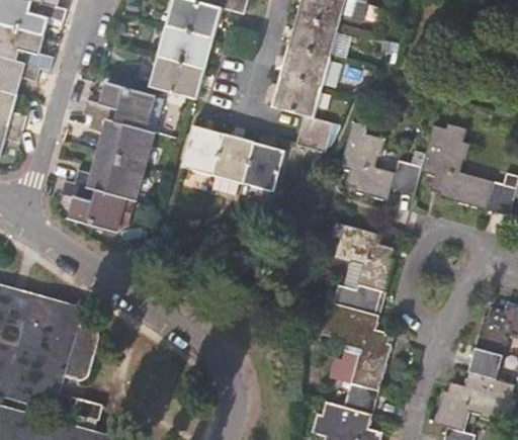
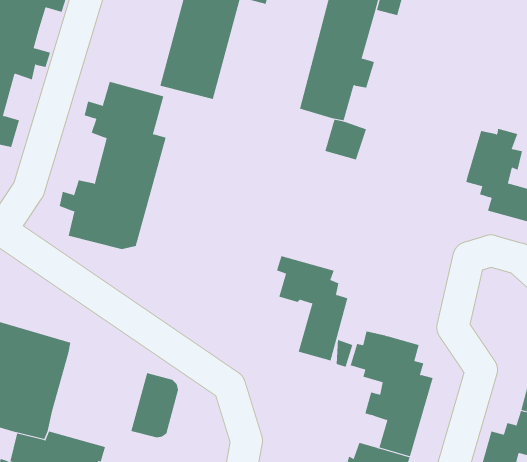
building: [340,120,421,198] -> none
building: [183,124,284,193] -> none
building: [331,221,395,314] -> [276,256,348,361]
building: [56,321,98,378] -> [131,373,179,438]

